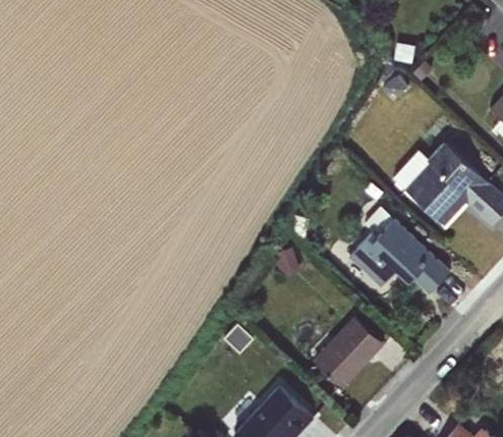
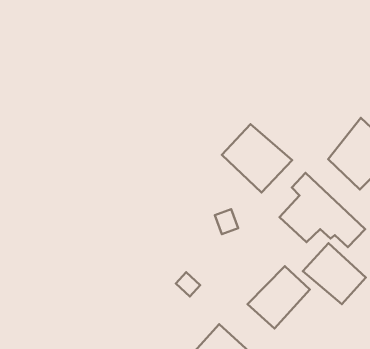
building: none -> [222,124,292,192]
building: none -> [303,243,366,304]

